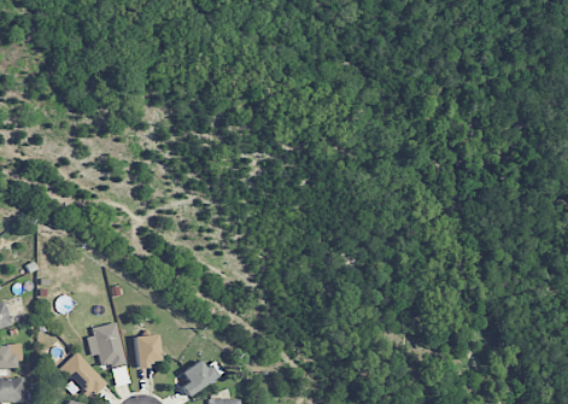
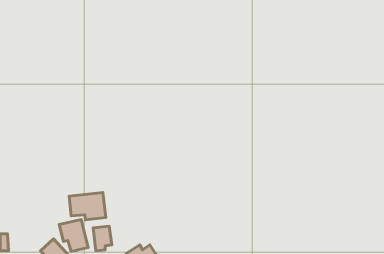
building: none -> [69,192,106,220]

